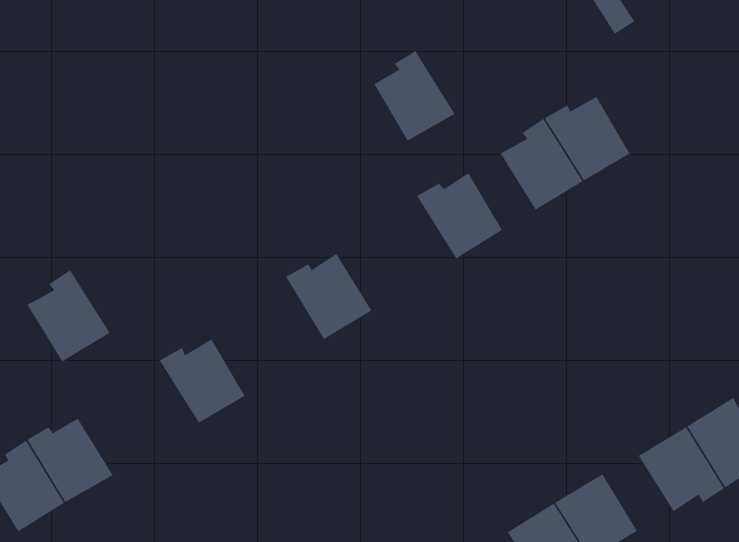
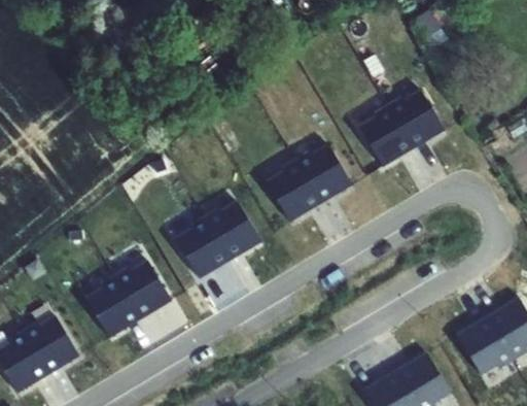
building: [373,51,456,142] -> [266,158,323,222]
building: [27,270,110,362] -> [84,273,143,338]
building: none -> [173,214,231,278]

